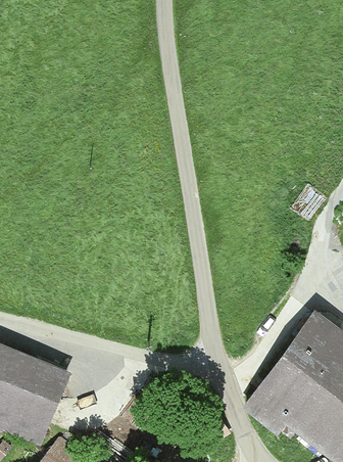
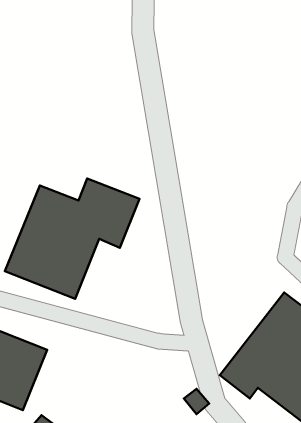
building: none -> [5,179,140,299]

